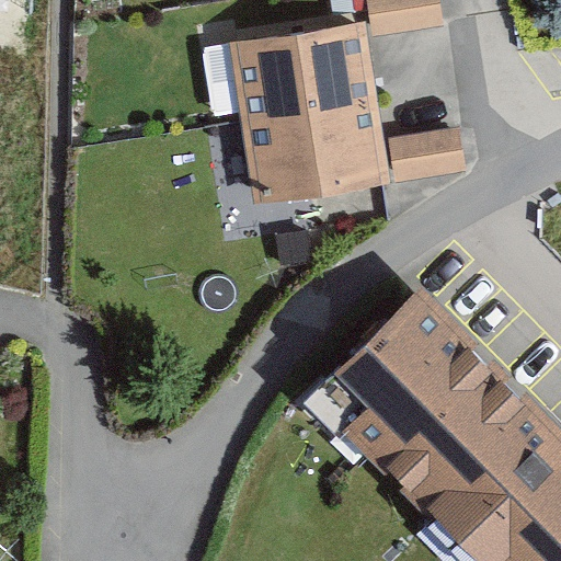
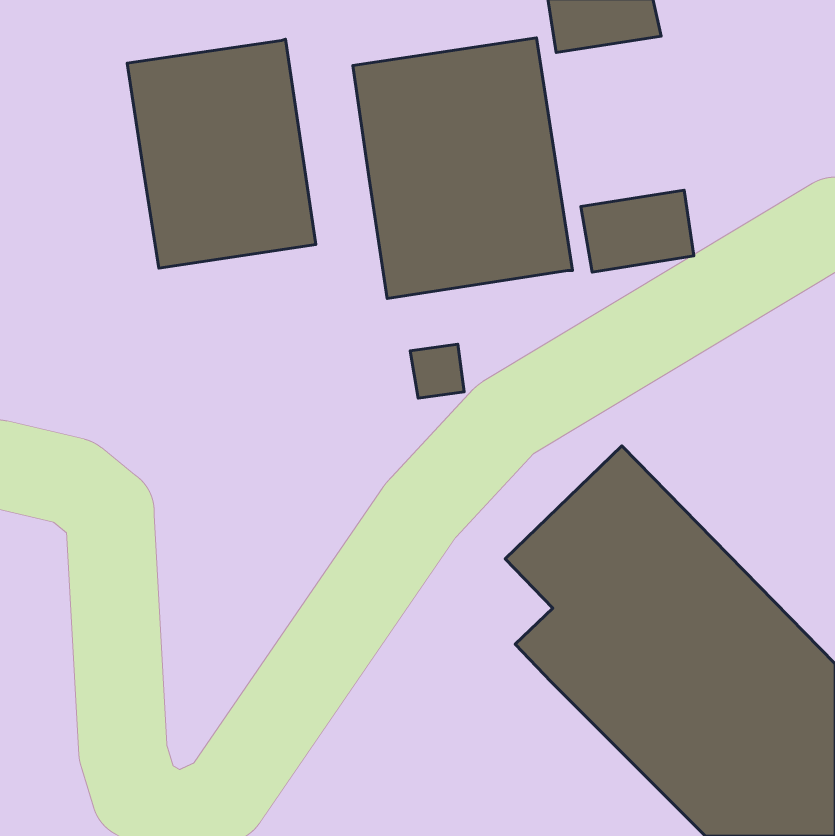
building: none -> [127,39,316,268]

